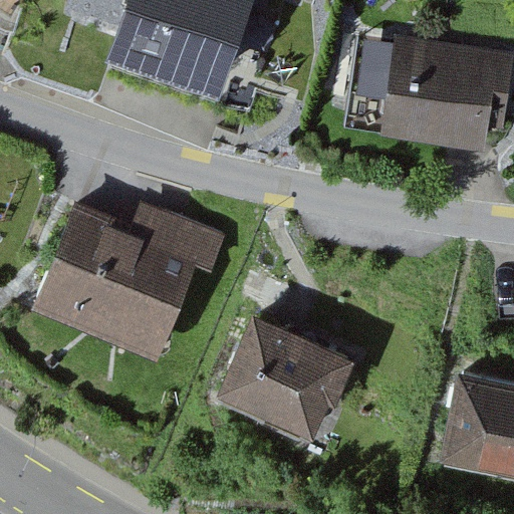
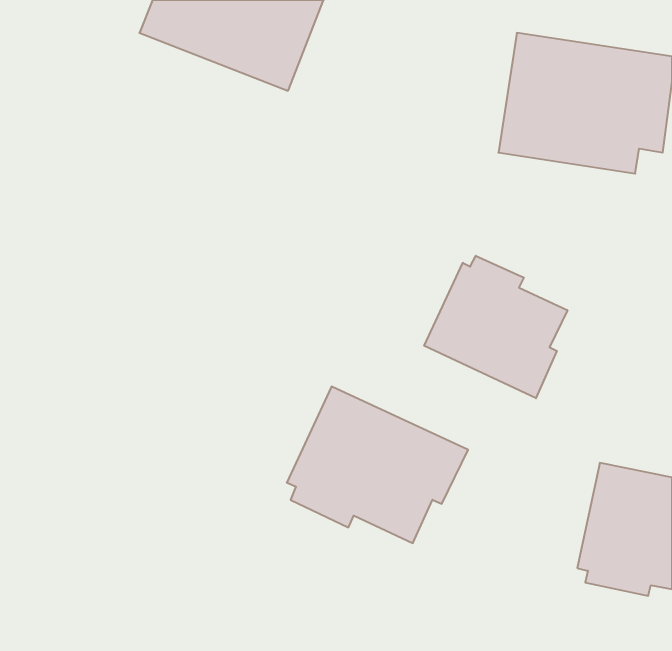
building: [33,204,227,358] -> none
building: none -> [424,256,567,398]

